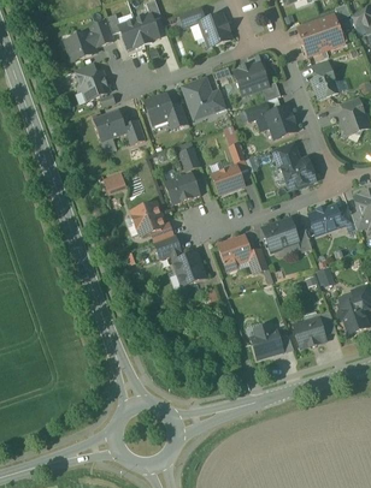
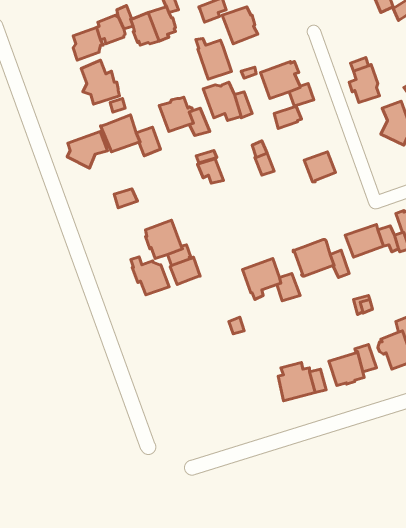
building: [298,16,344,55] -> none
building: none -> [196,38,232,79]
building: [266,106,296,138] -> none
building: none -> [67,132,107,168]
building: [282,157,316,190] -> none
building: [212,166,245,195] -> none
building: [164,172,201,206] -> none
building: [172,251,206,285] -> [131,257,169,295]

